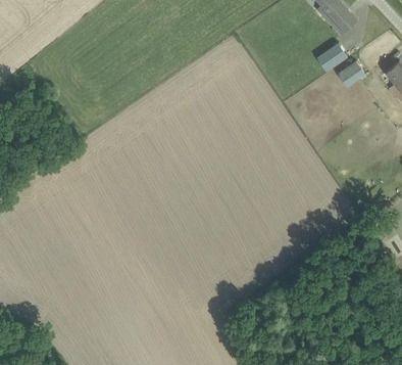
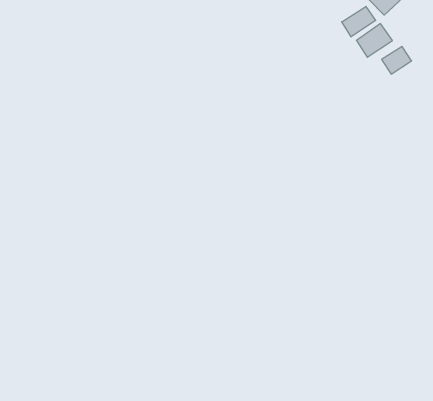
building: none -> [342,6,376,37]

